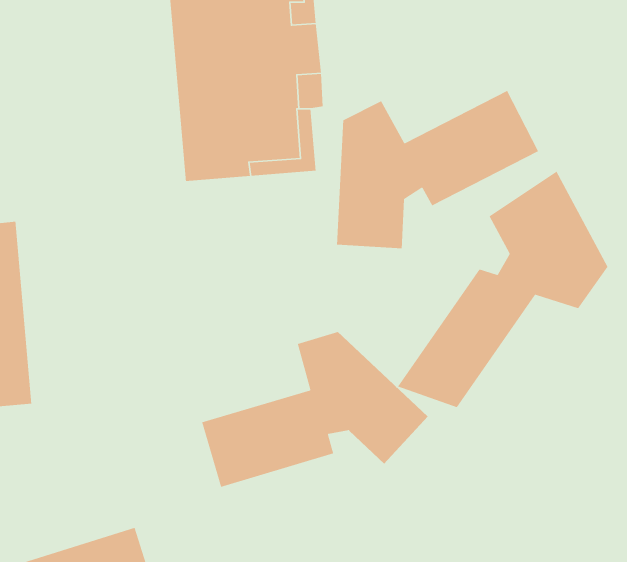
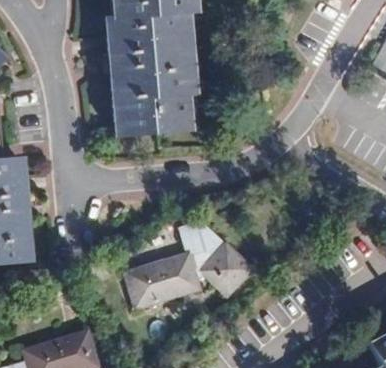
building: [336,90,539,249] -> none
building: [397,171,608,408] -> none

